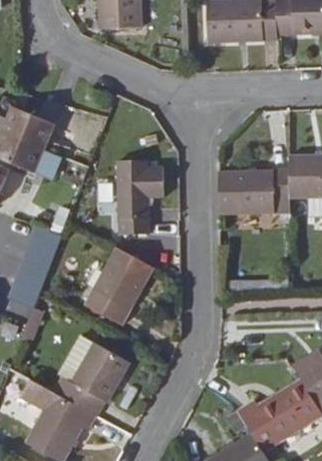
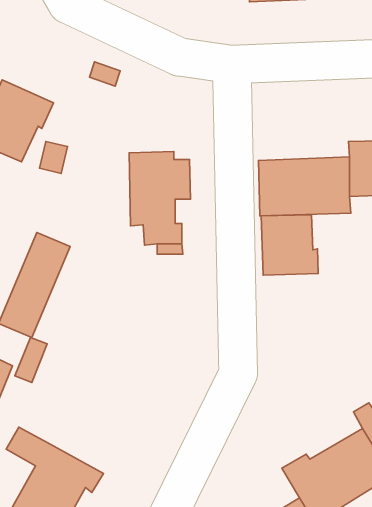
building: none -> [261,215,318,275]
building: [81,246,151,327] -> none
building: [51,339,129,414] -> none

